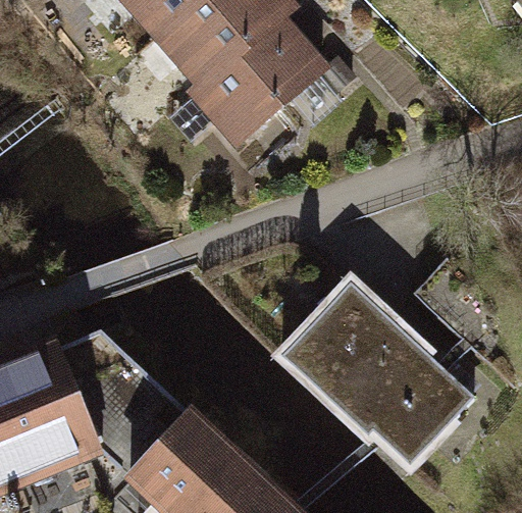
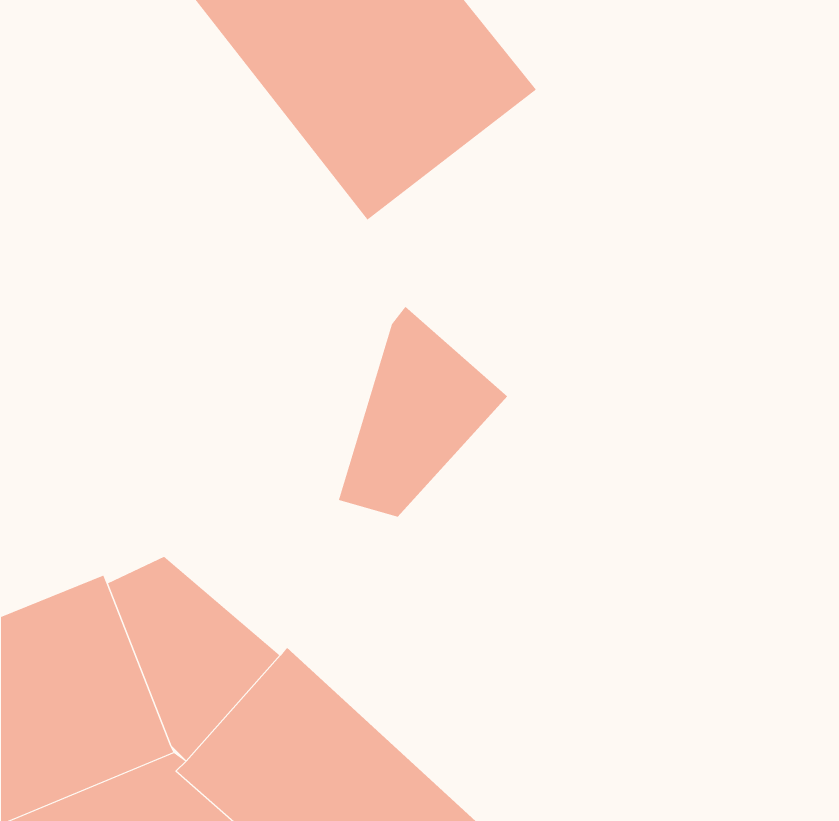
building: none -> [338,306,508,517]
building: [269,267,477,468] -> none

